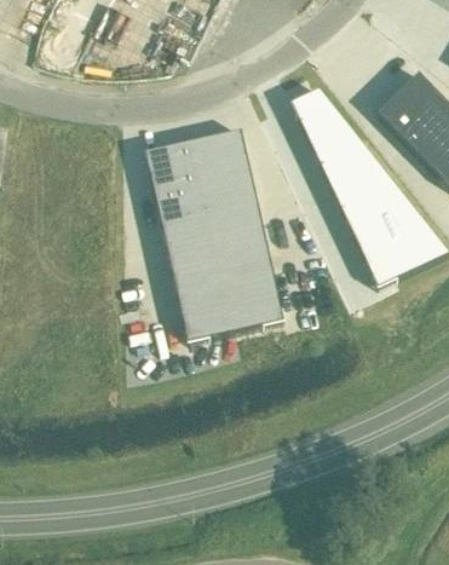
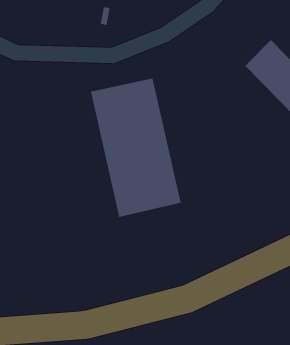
building: [281,82,434,277] -> none

